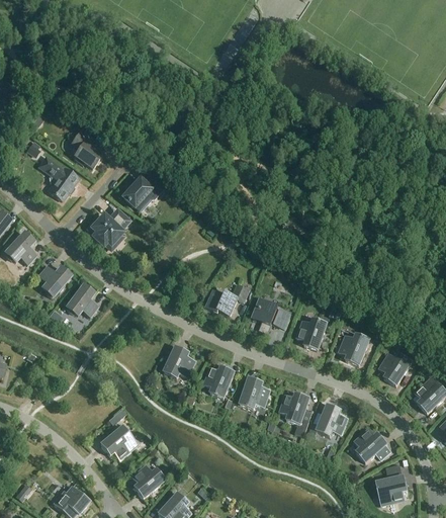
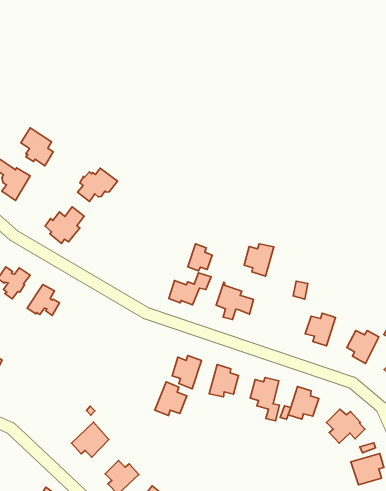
building: none -> [188,244,212,271]
building: [297,317,328,349] -> [244,244,274,276]
building: [164,344,196,377] -> [155,382,187,415]

